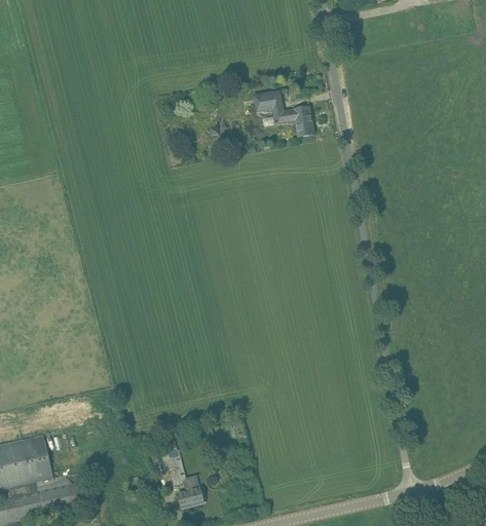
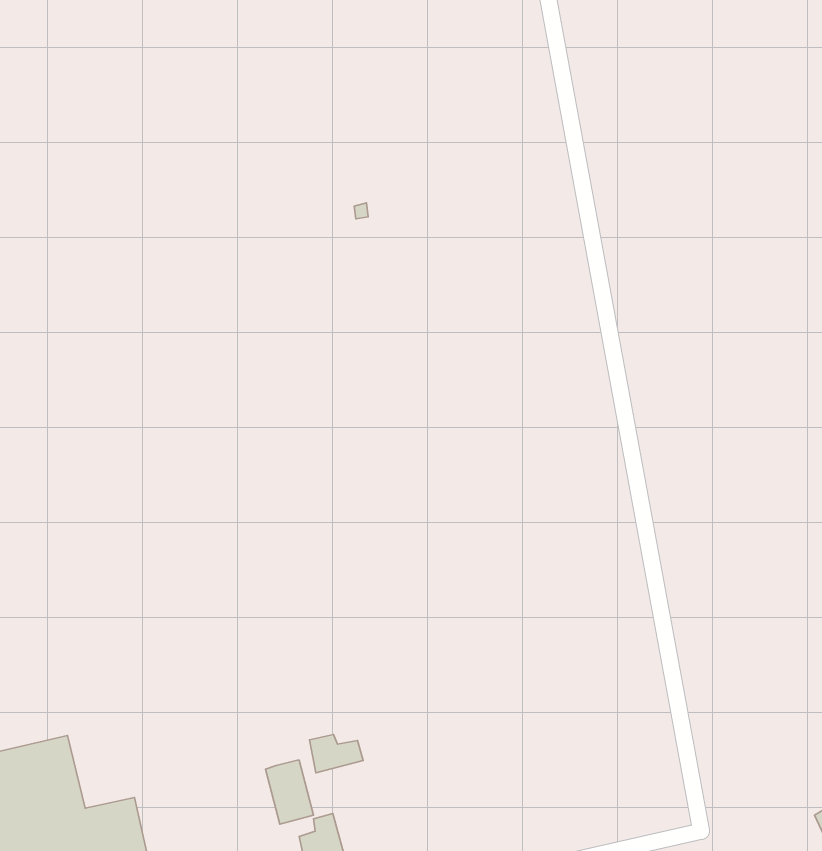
building: [254,90,313,137] -> none
building: none -> [309,734,363,773]

